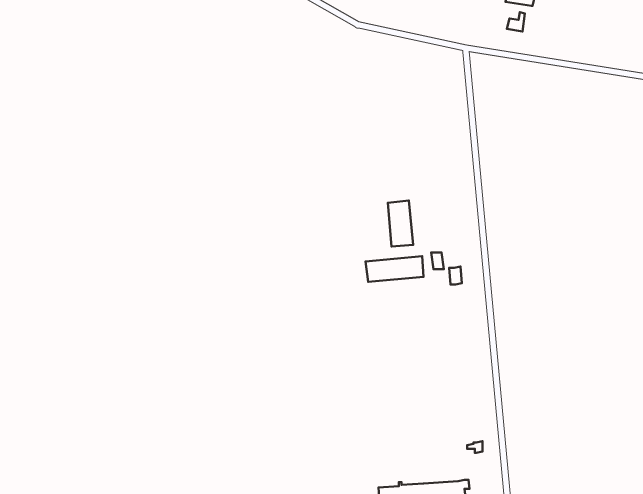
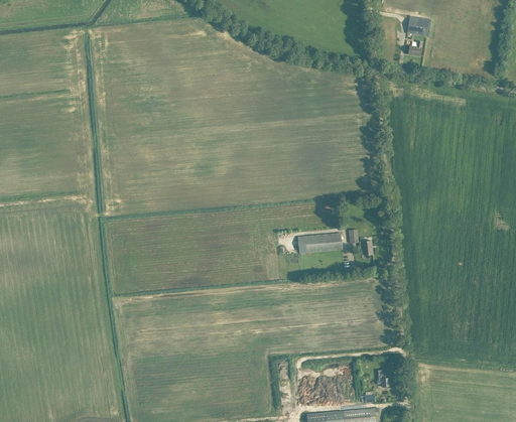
building: [388,200,413,246] -> none

